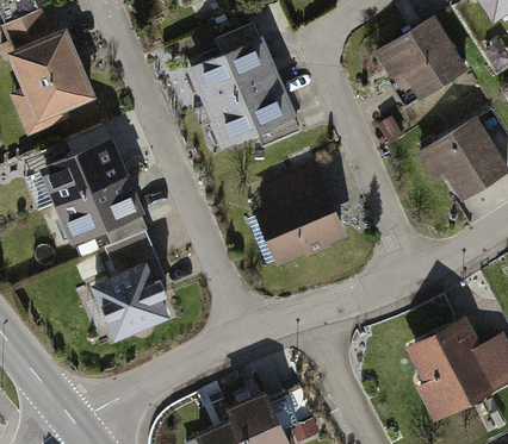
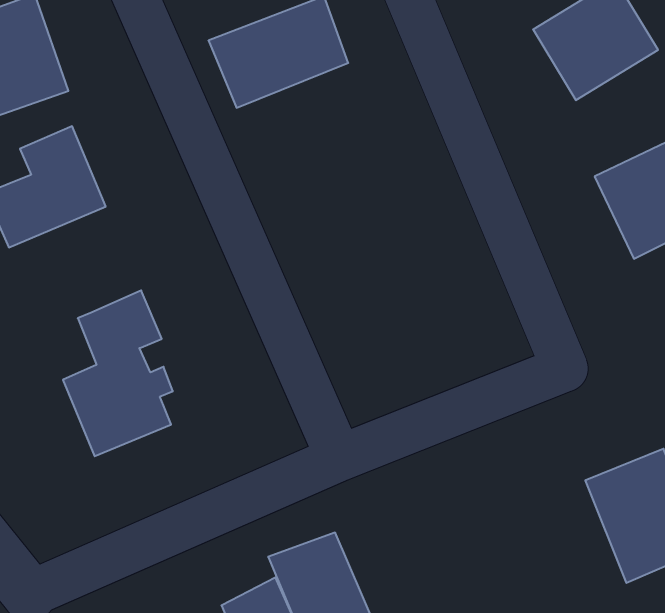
building: [200,79,290,149] -> none
building: [55,170,140,238] -> none
building: [267,179,345,259] -> none

